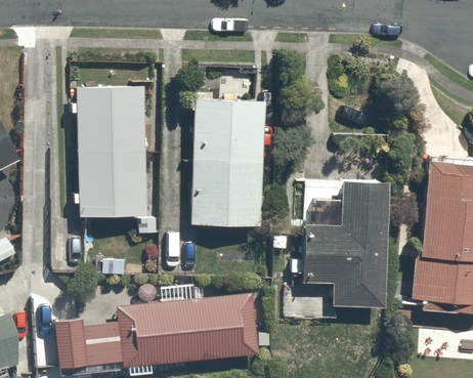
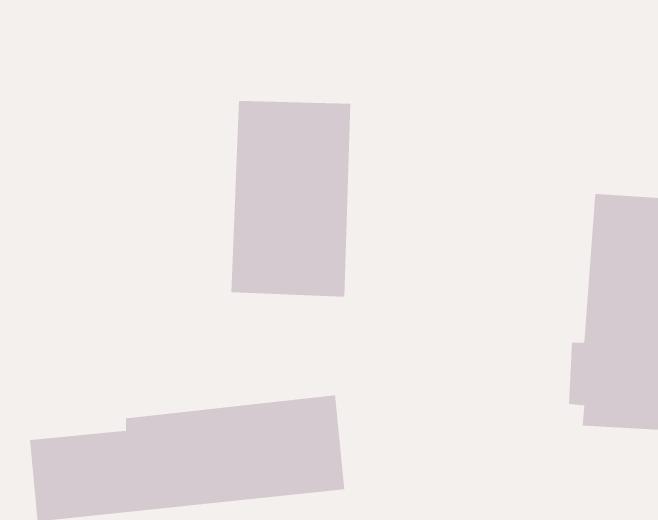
building: [77,82,147,218] -> none
building: [300,175,389,310] -> none

